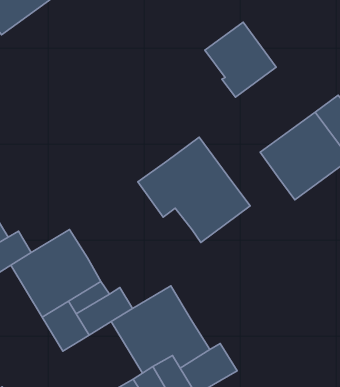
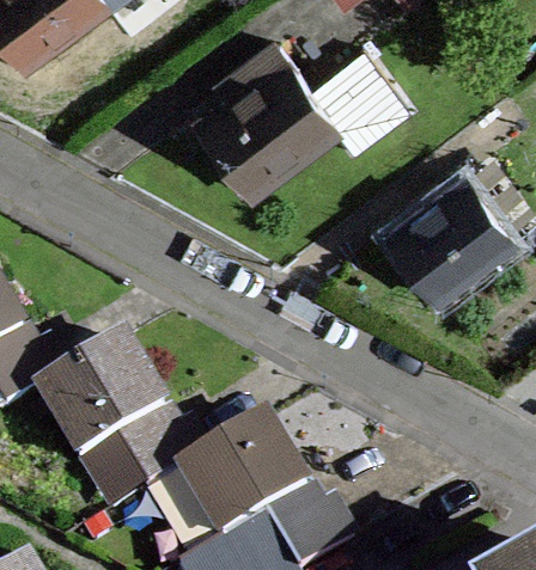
building: none -> [197,43,340,191]
building: [138,137,250,242] -> none

